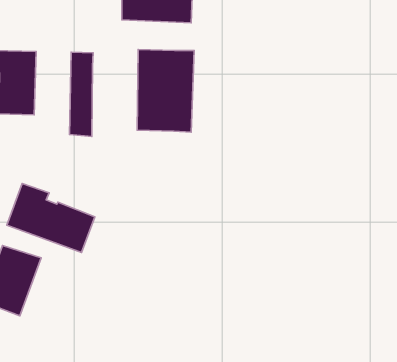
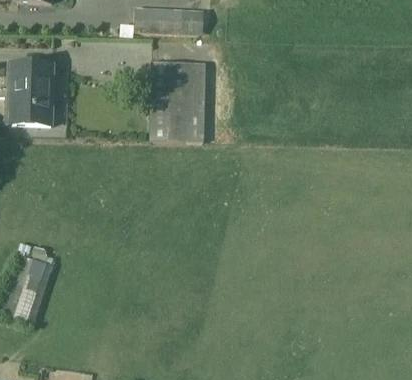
building: [70,52,93,136] -> none
building: [7,184,95,253] -> none

